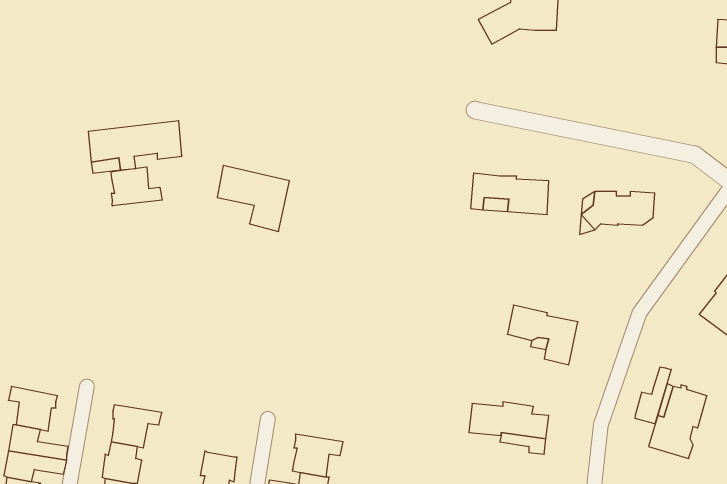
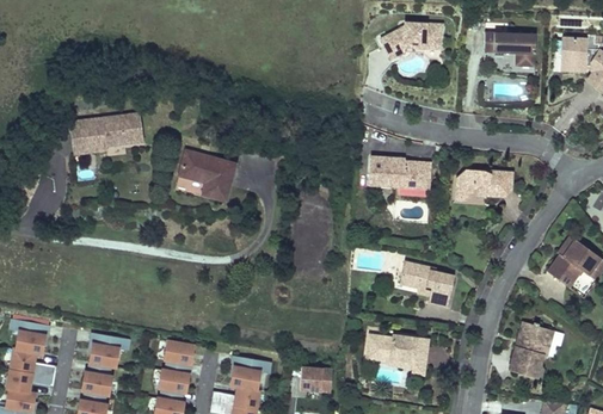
building: none -> [485,31,537,66]
building: [111,167,162,206] -> none
building: [635,367,671,424] -> none
building: none -> [165,344,193,377]
building: none -> [301,369,333,393]

